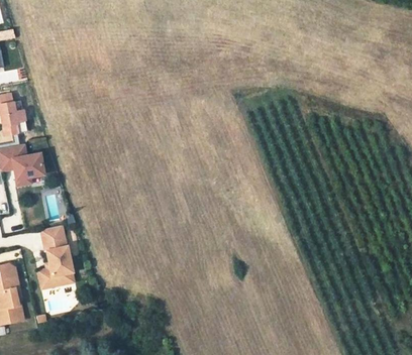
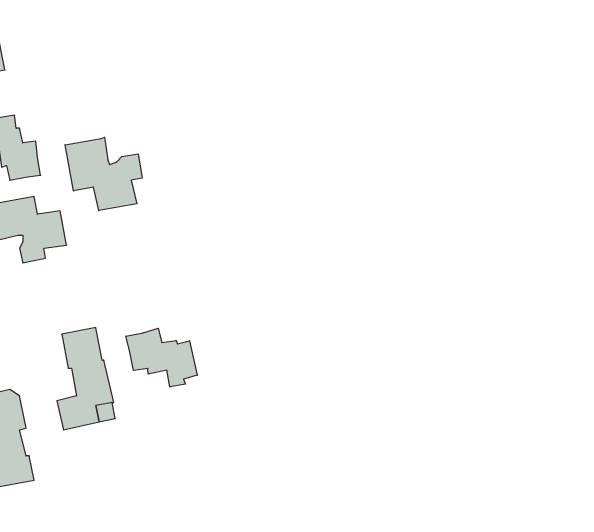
building: none -> [65,137,142,211]
building: none -> [126,328,197,387]

